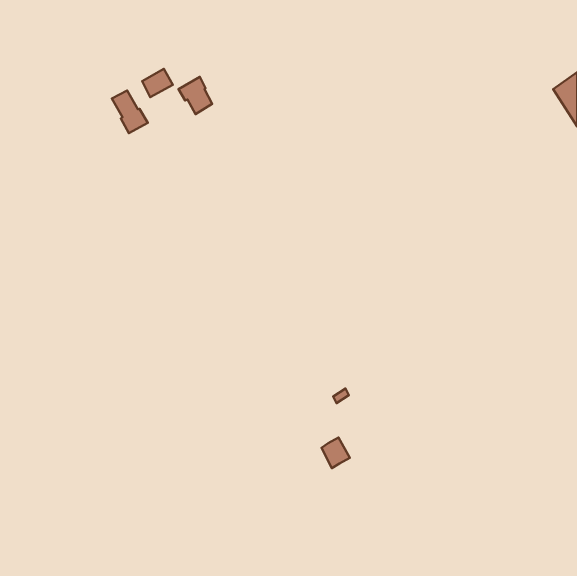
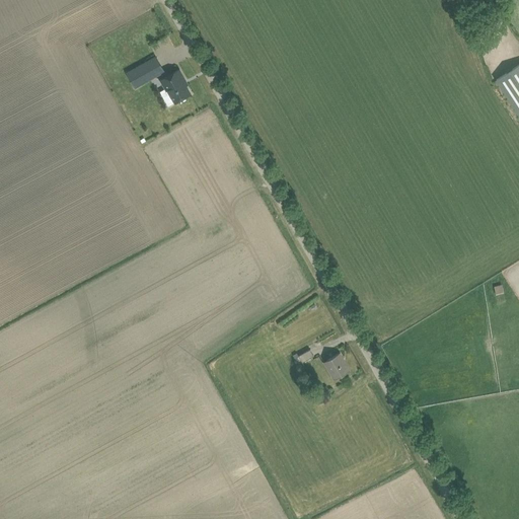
building: [112,91,148,133] -> none
building: [322,438,350,468] -> [325,353,351,380]

